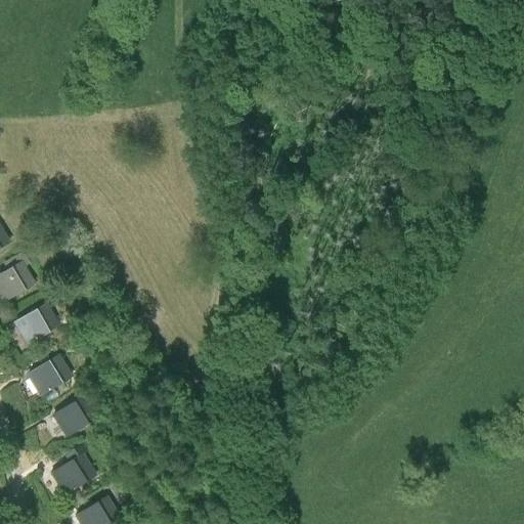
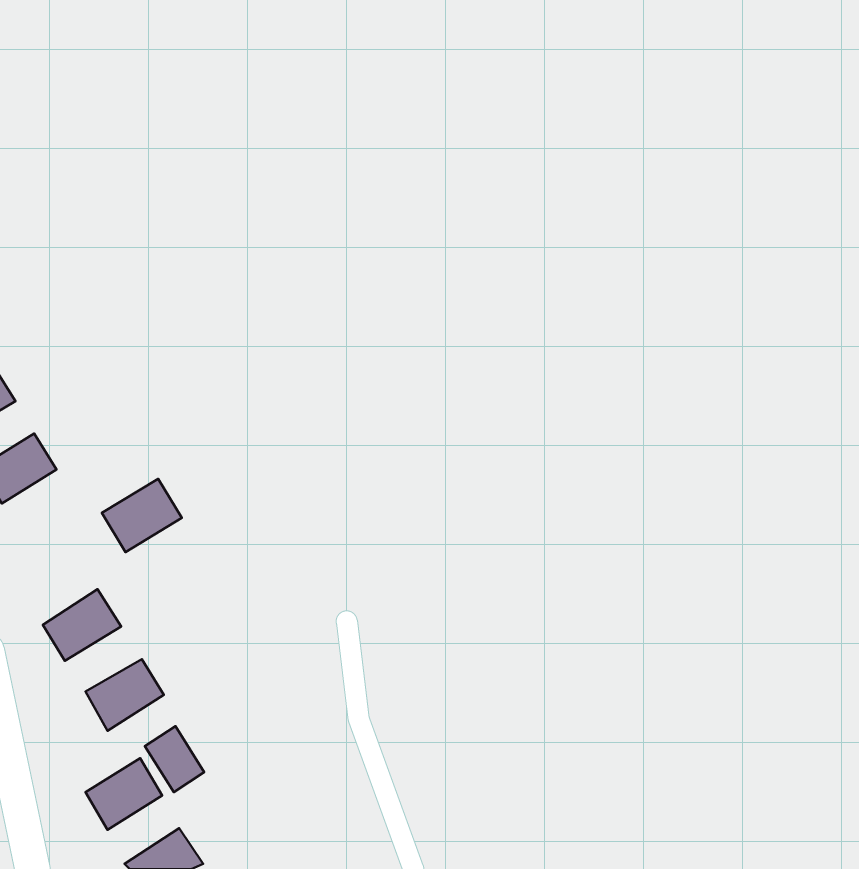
building: [11,302,59,346] -> [102,479,182,552]
building: none -> [145,726,204,792]

